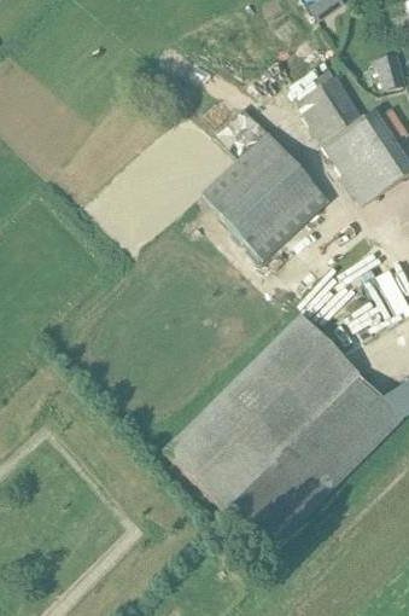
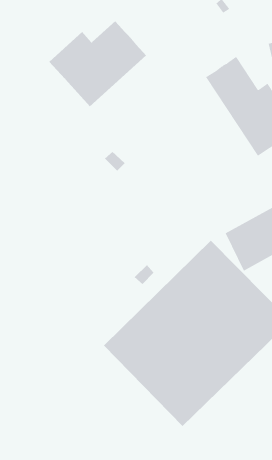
building: none -> [49,21,147,107]
building: [201,109,328,261] -> none

